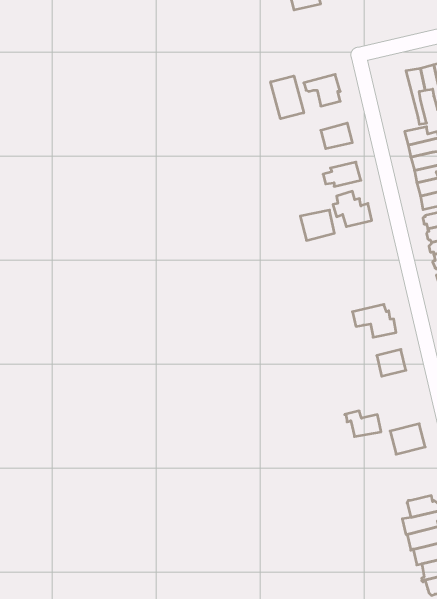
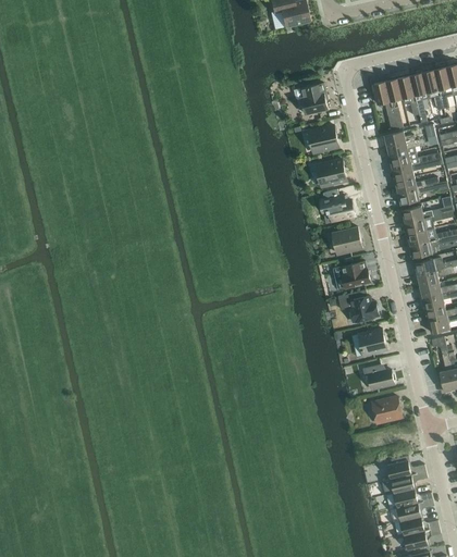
building: none -> [371,82,397,131]
building: [271,76,304,119] -> none
building: [300,210,334,240] -> [332,228,362,256]
building: none -> [332,262,371,290]
building: [345,411,381,437] -> [362,367,395,389]

